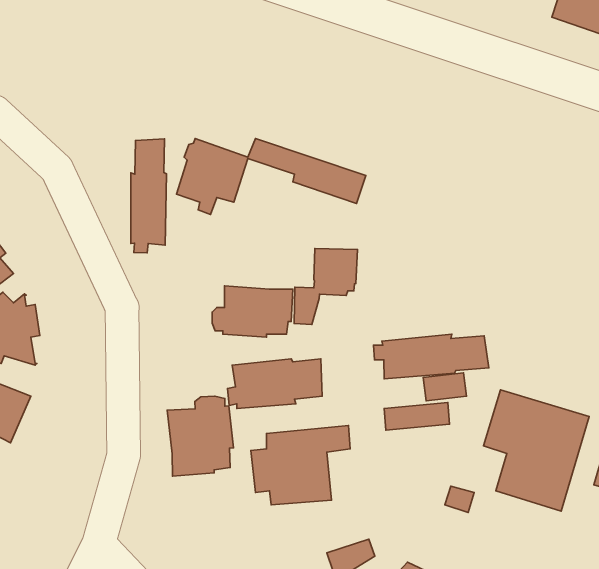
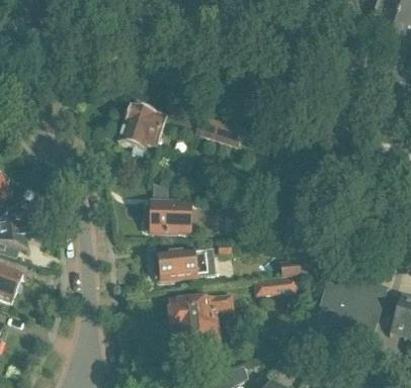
building: [131,139,166,253] -> none
building: [294,248,358,324] -> none
building: [373,334,489,379] -> none
building: [167,396,234,476] -> none

